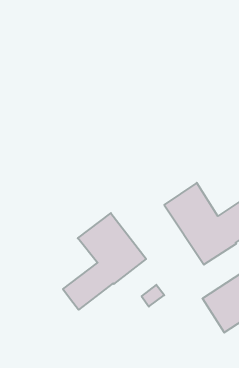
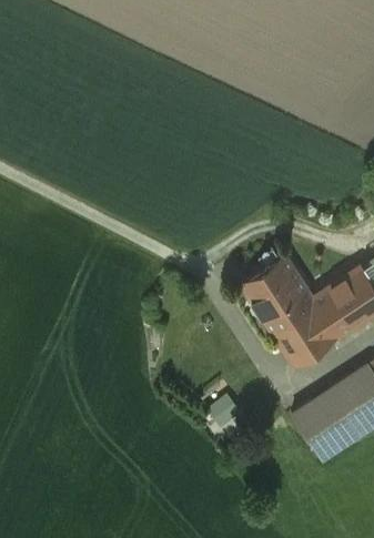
building: [63,213,146,310] -> none

